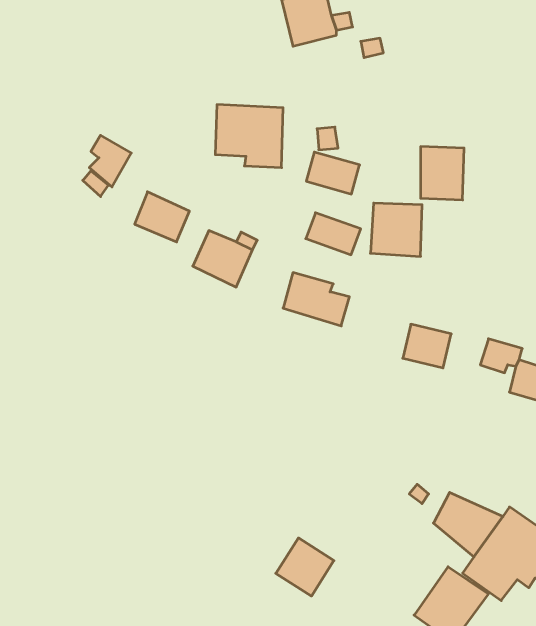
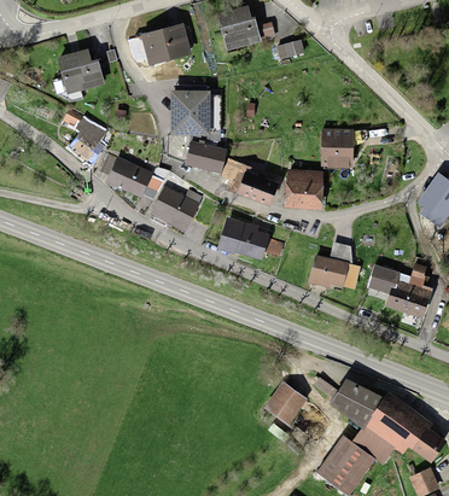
building: none -> [142,24,191,63]
building: none -> [57,49,103,91]
building: [306,152,360,194] -> [186,140,226,171]
building: [276,538,334,596] -> [264,380,308,424]

